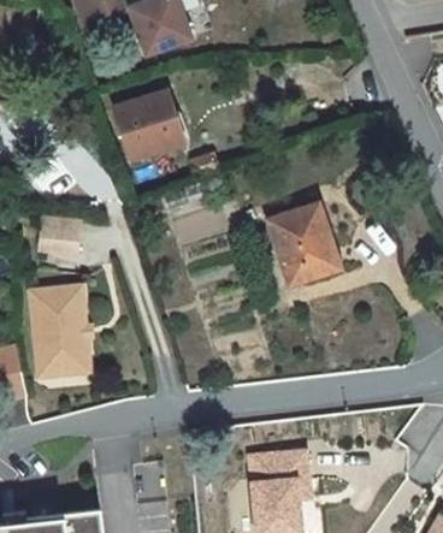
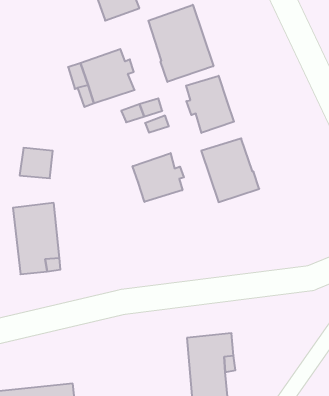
building: none -> [148,5,213,82]
building: none -> [186,76,234,133]
building: none -> [133,153,184,202]

